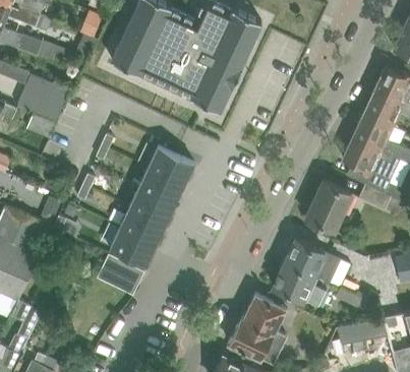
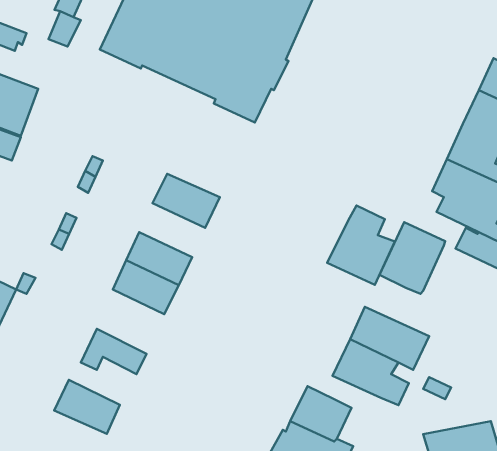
building: [138,168,184,205] -> none
building: none -> [327,206,395,285]
building: [110,228,156,265] -> [54,380,120,434]

